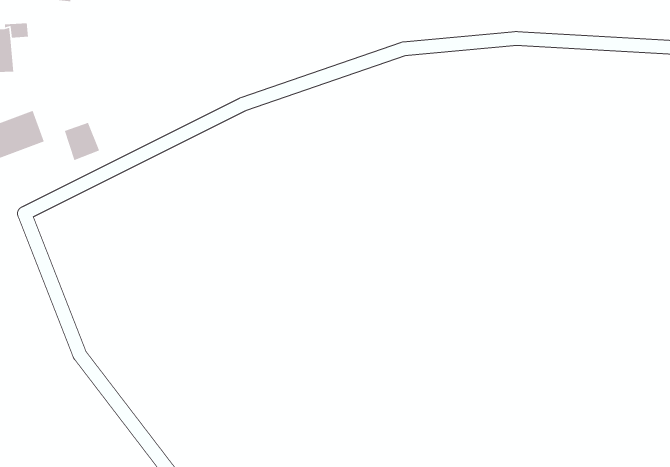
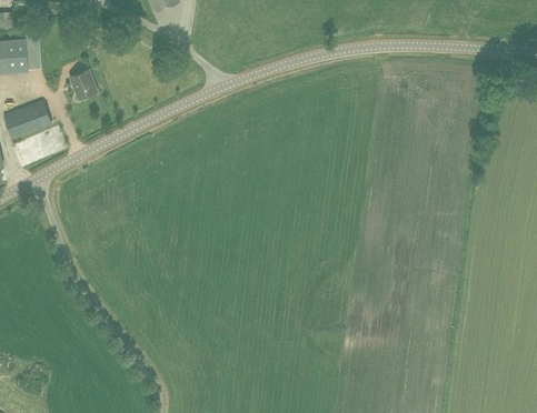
building: [64,122,100,161] -> [69,69,97,99]

